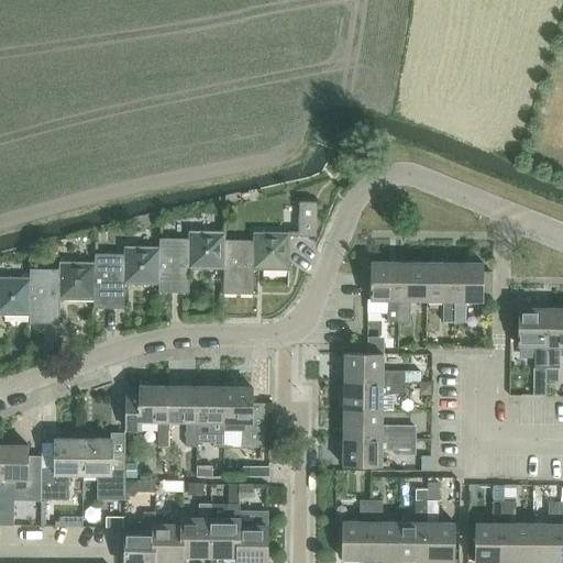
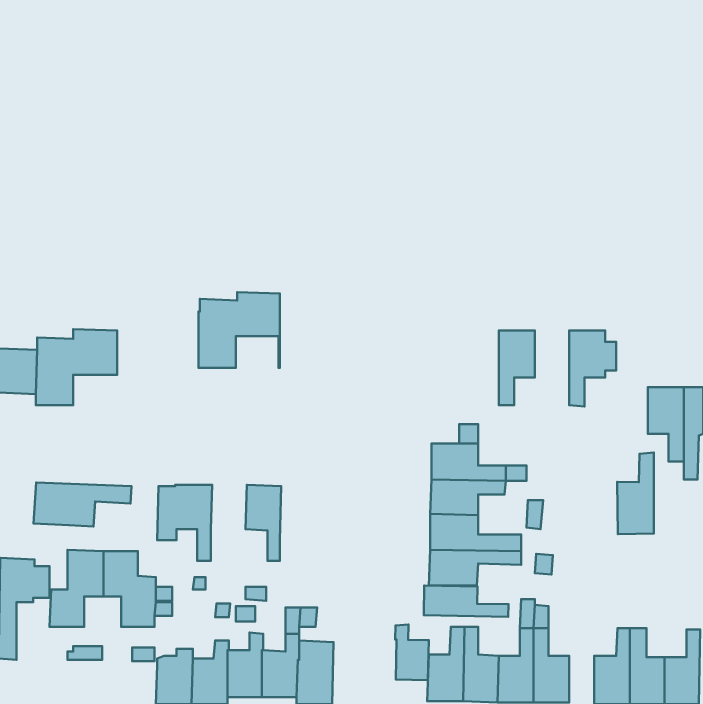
building: [298,202,316,238] -> none
building: [223,234,289,294] -> none
building: [93,249,158,309] -> none
building: [369,264,398,323] -> none
building: [427,264,454,323] -> none
building: none -> [617,452,654,534]
building: none -> [34,483,131,527]
building: [168,387,197,448] -> none
building: [223,388,266,449] -> none
building: none -> [424,585,508,617]
building: none -> [395,625,429,680]

